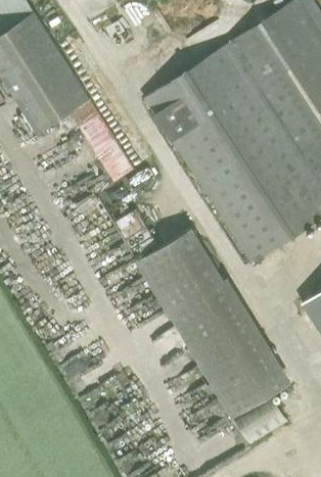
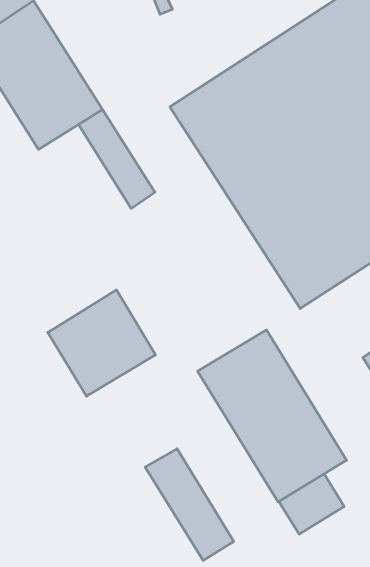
building: [136,228,224,315] -> [48,290,155,396]
building: none -> [145,449,234,560]

